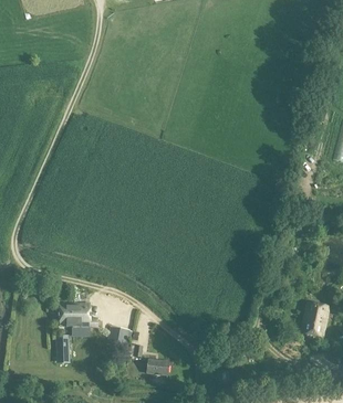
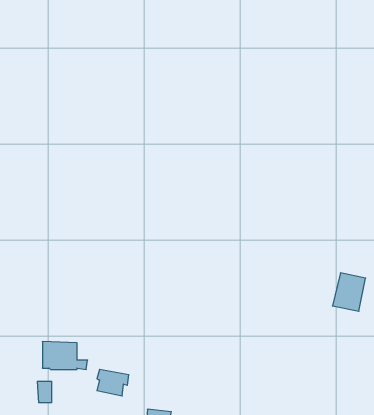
building: [300,305,328,337] -> [332,273,366,311]

